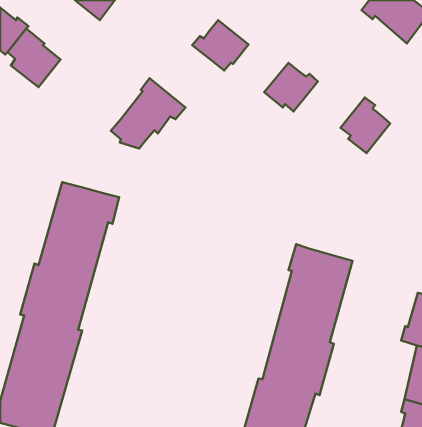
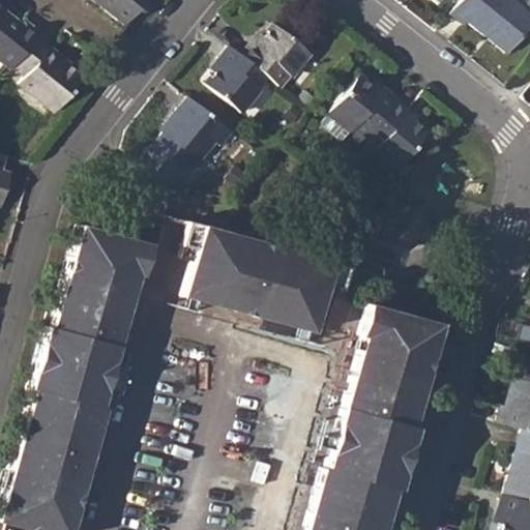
building: none -> [210,48,272,116]
building: [341,98,390,153] -> [371,102,432,171]
building: none -> [188,224,338,328]

